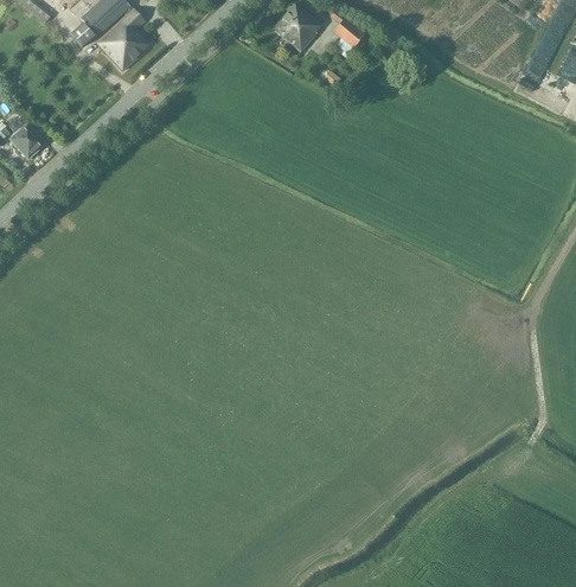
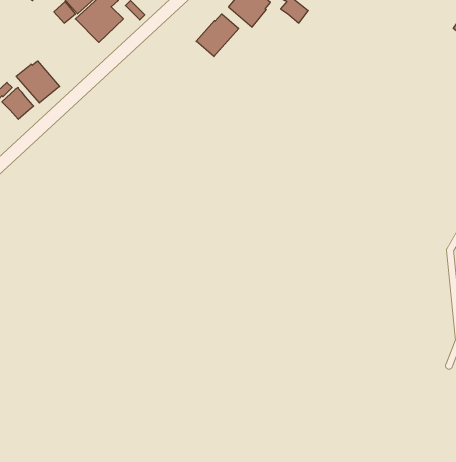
building: none -> [196,14,239,57]
building: none -> [16,61,60,103]

